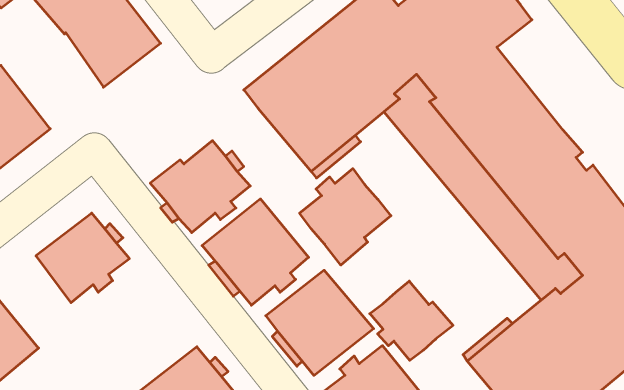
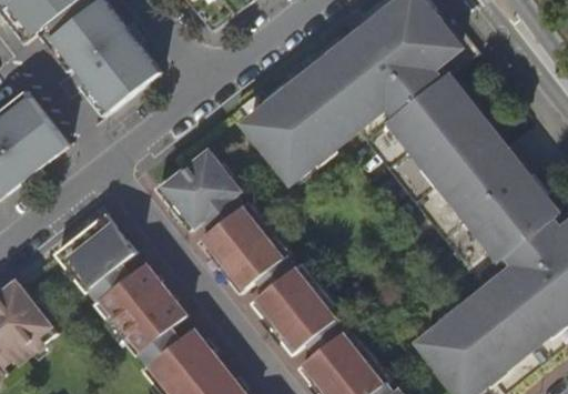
building: [300,169,391,265] -> none
building: none -> [93,265,185,355]
building: [370,281,453,360] -> none

